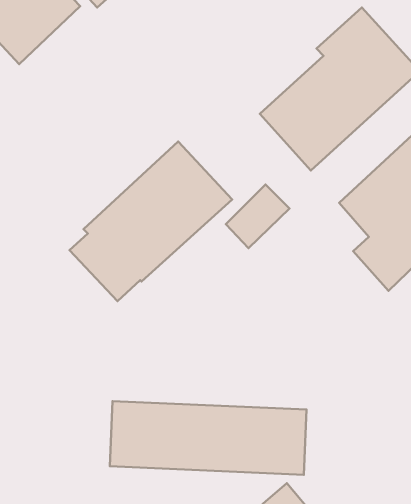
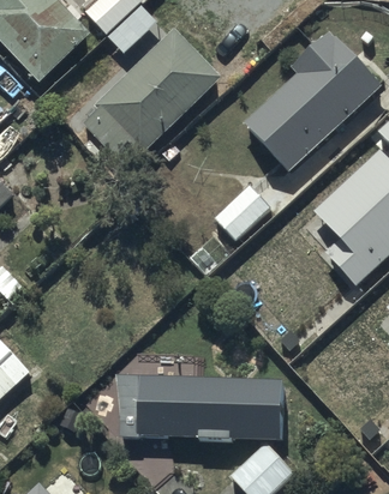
building: [69,141,232,301] -> [83,35,221,170]

